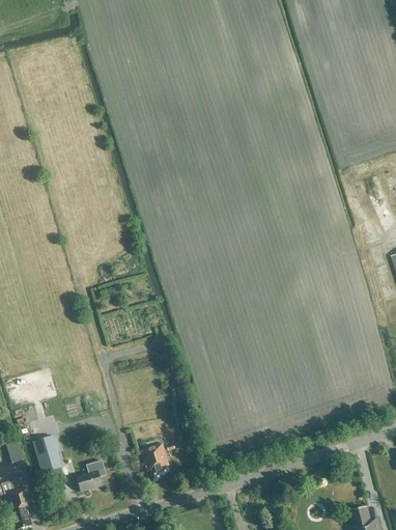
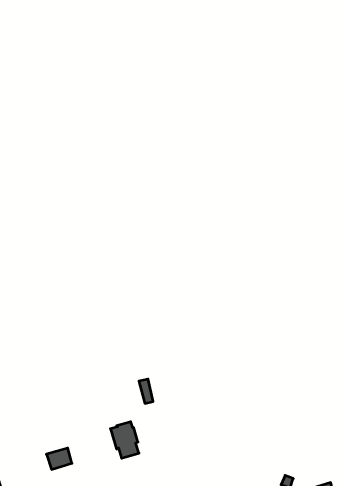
building: [34,437,62,472] -> none

